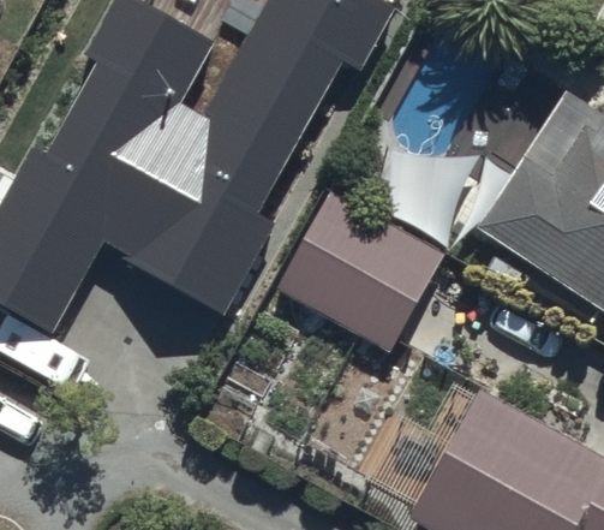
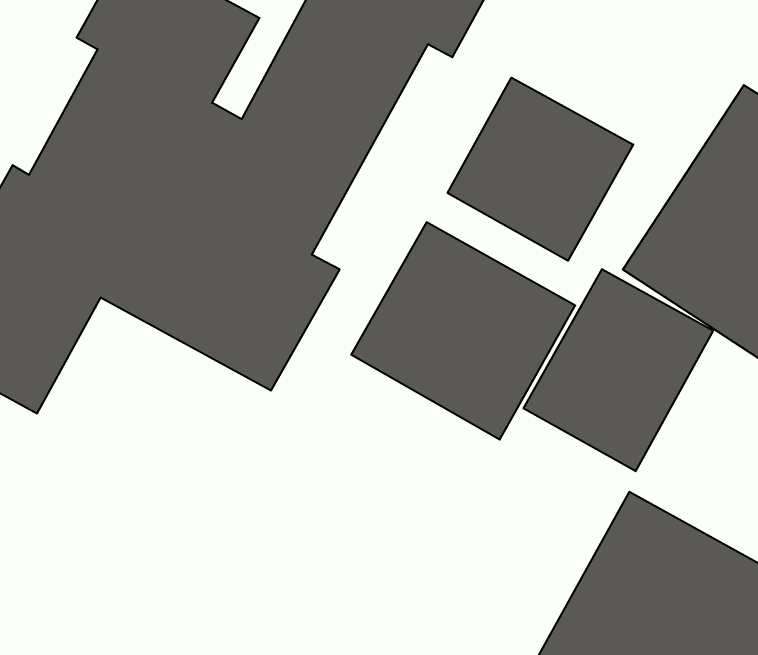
building: none -> [448,78,633,261]
building: none -> [524,269,713,471]

